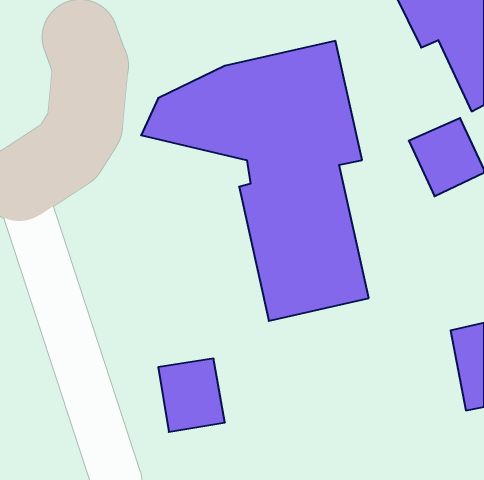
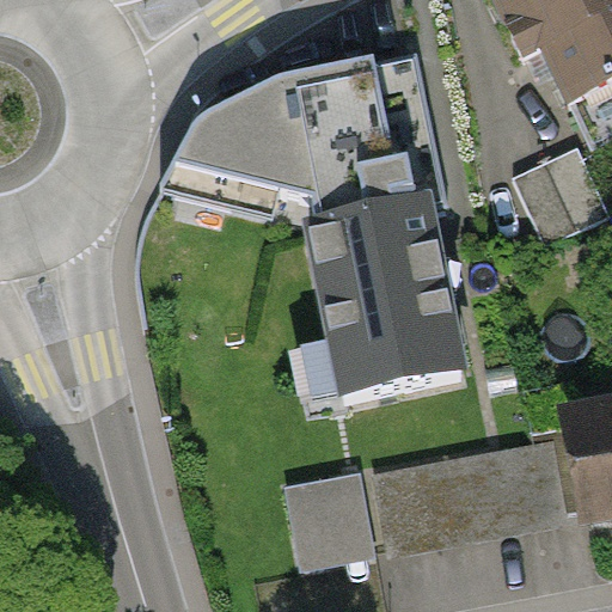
building: none -> [369,440,555,545]
building: [158,359,225,432] -> [288,475,372,567]

